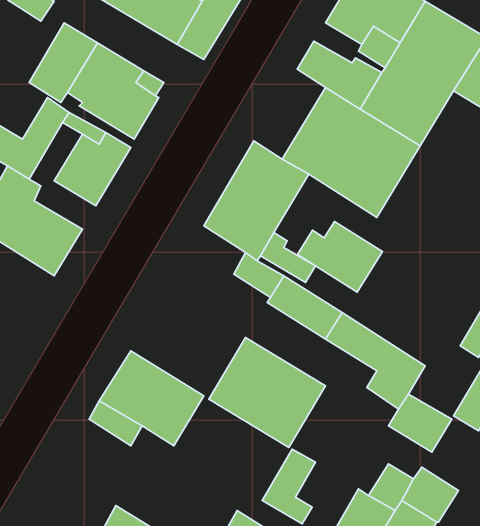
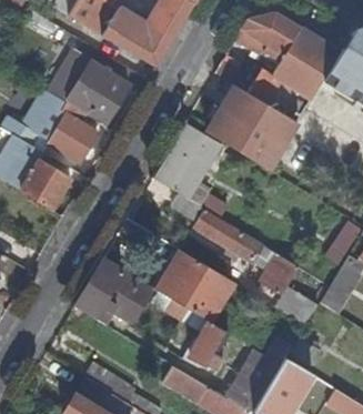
building: [297,222,383,292] -> none

